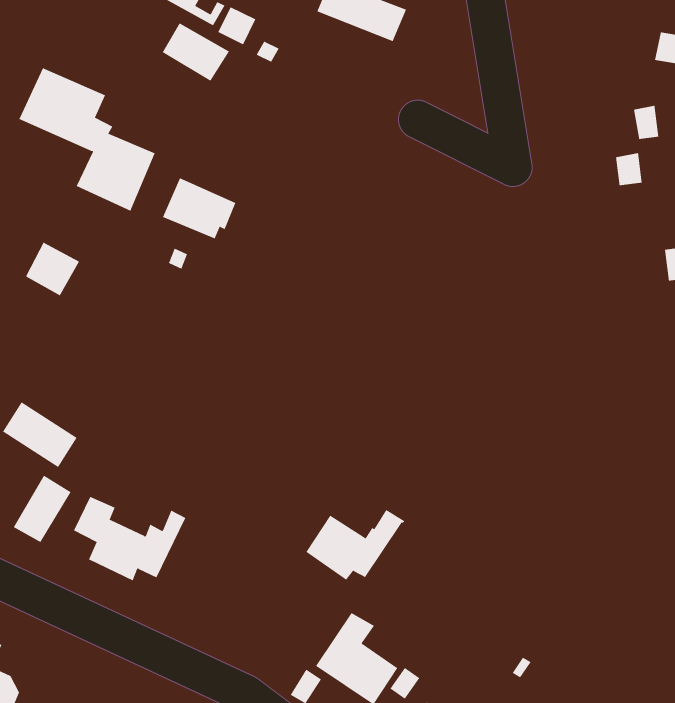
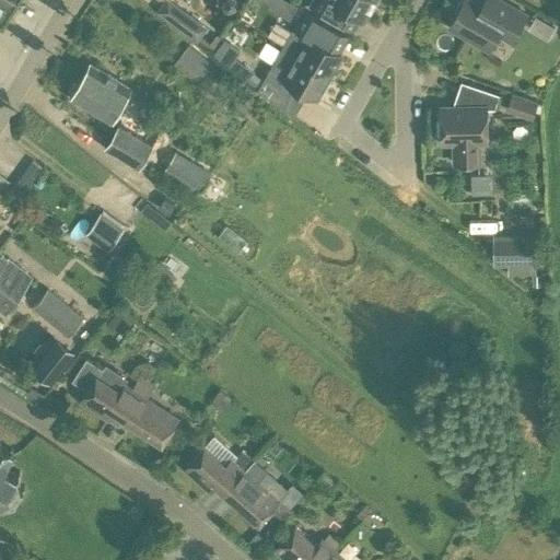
building: none -> [259,51,331,112]
building: none -> [442,85,500,165]
building: [25,242,80,296] -> [85,213,124,252]
building: [306,509,405,580] -> [186,448,256,494]
building: none -> [125,383,178,445]

